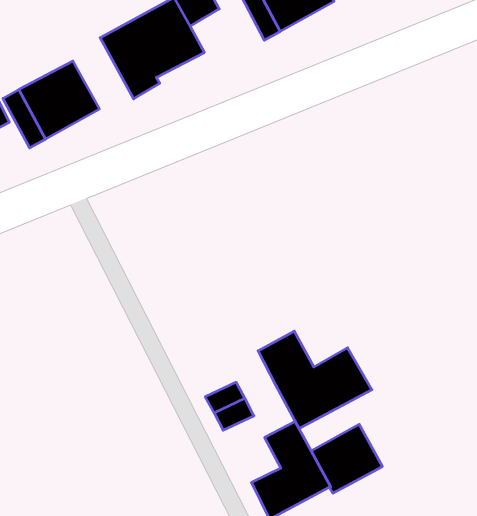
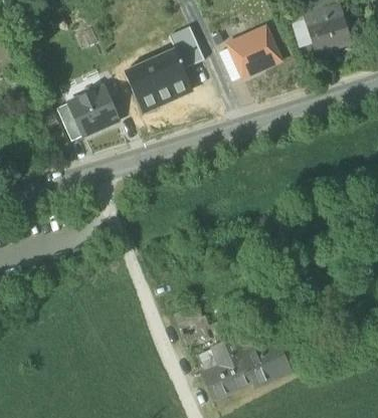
building: [258,331,372,429] -> none

